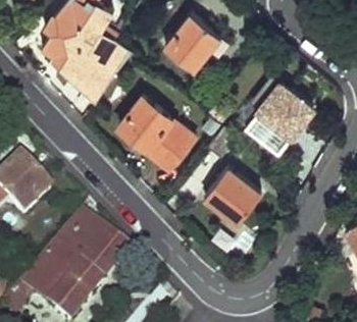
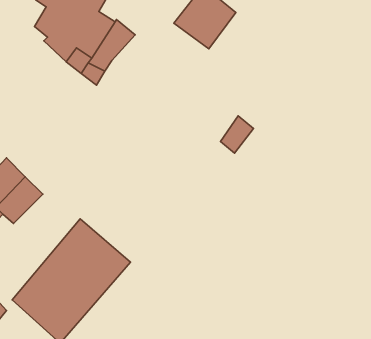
building: [248,83,311,137] -> none
building: [115,96,192,169] -> none
building: [203,168,257,222] -> none

